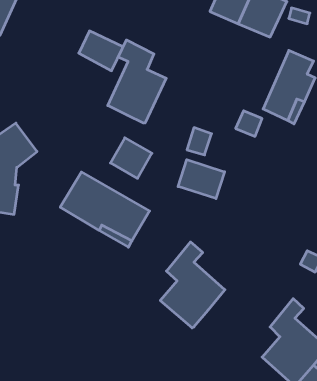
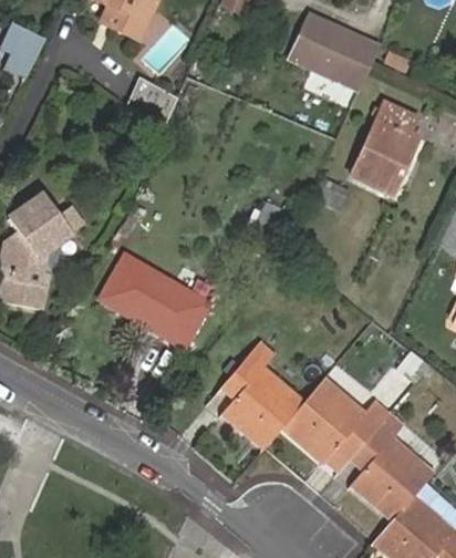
building: [108,40,166,123] -> none
building: [110,138,152,178] -> none
building: [178,160,225,199] -> none
building: none -> [282,379,388,463]

